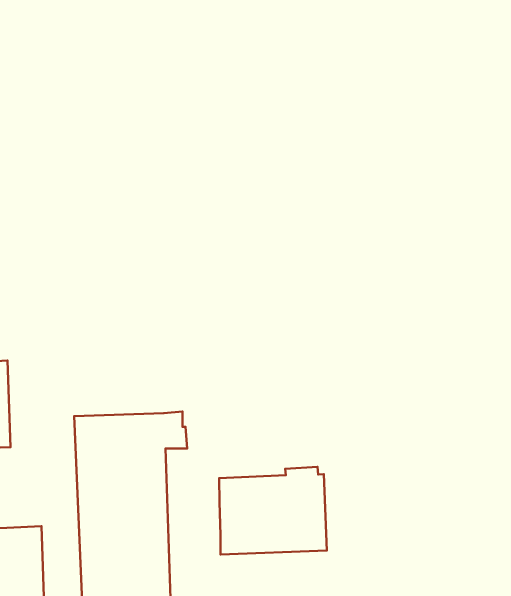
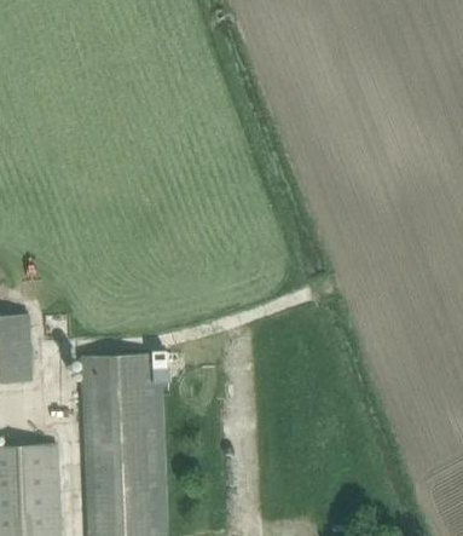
building: [219,467,327,554] -> none

